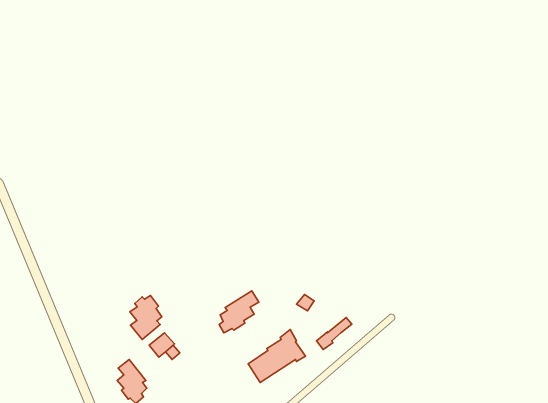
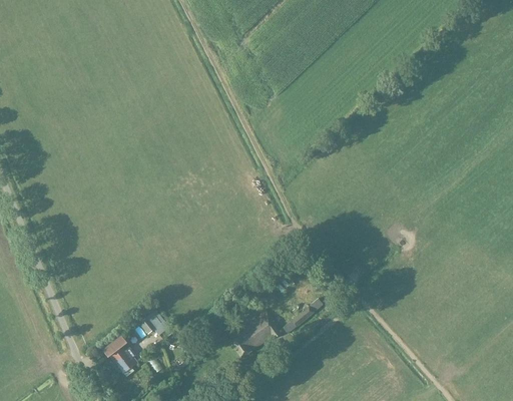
building: [219,291,259,333] -> none
building: [130,296,162,339] -> none

